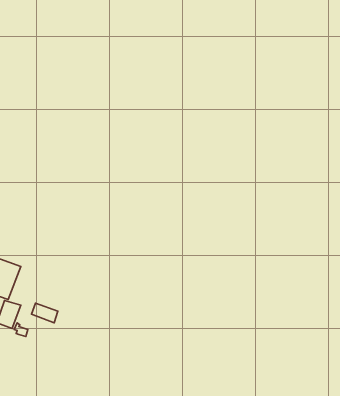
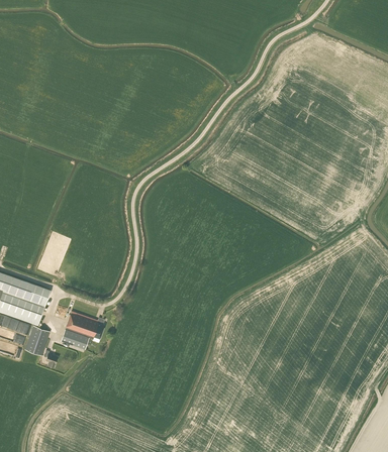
building: none -> [66,310,105,338]

